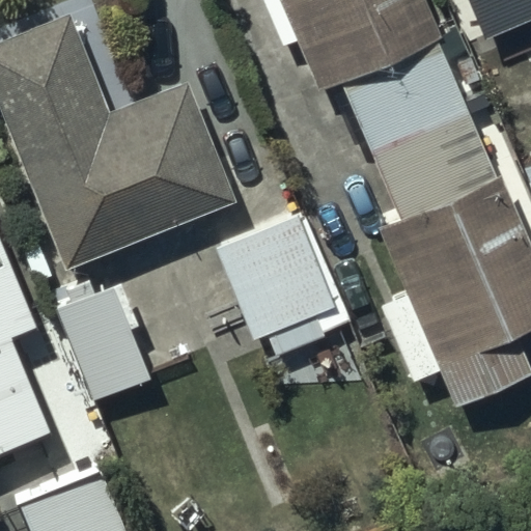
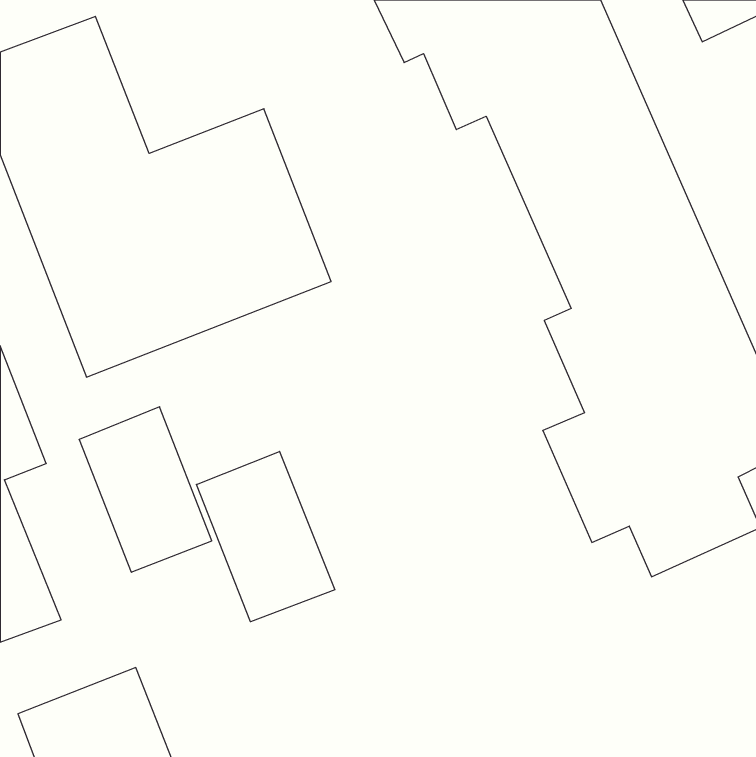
building: [217,215,336,354] -> none
building: none -> [196,451,335,622]

